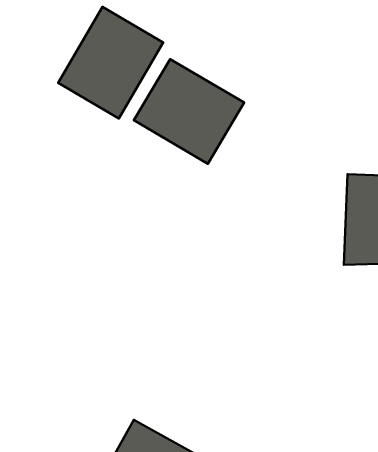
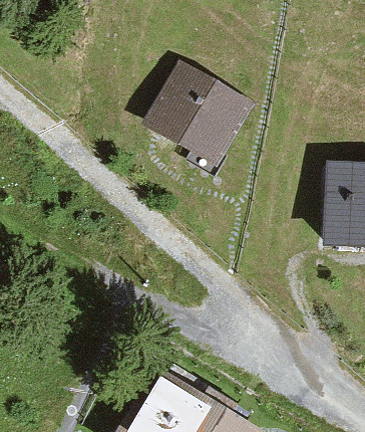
building: [58,7,163,118] -> none

